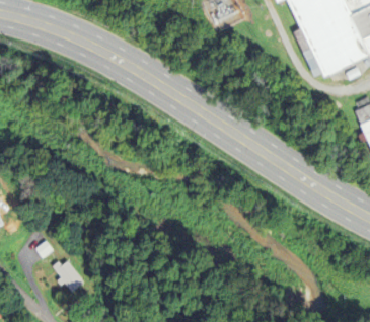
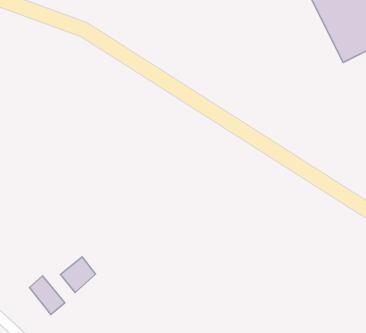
building: none -> [60,257,96,292]

